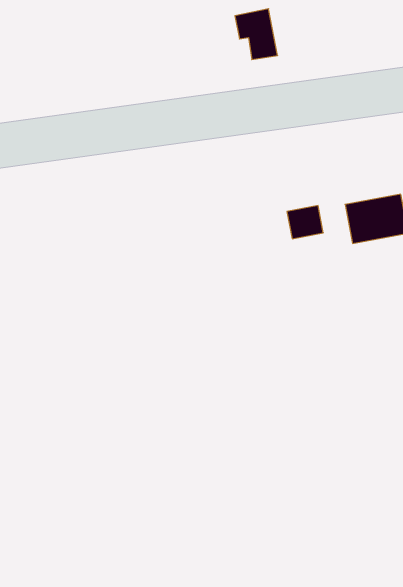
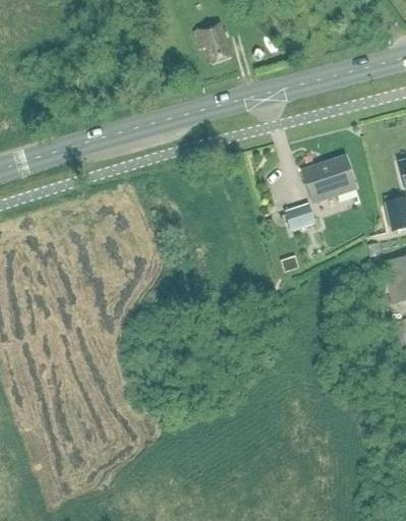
building: [287,206,323,239] -> [284,201,315,231]

